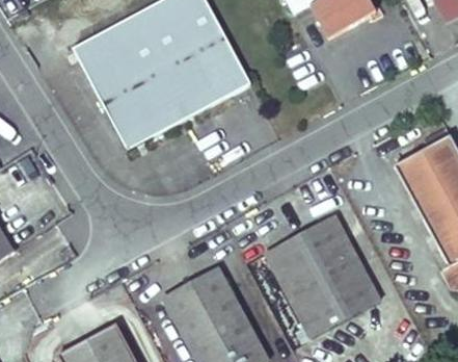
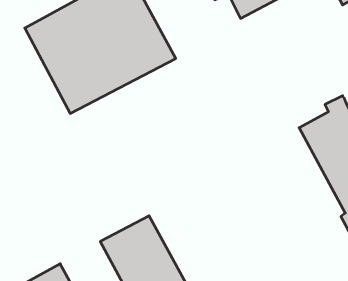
building: [265,215,378,336] -> none

